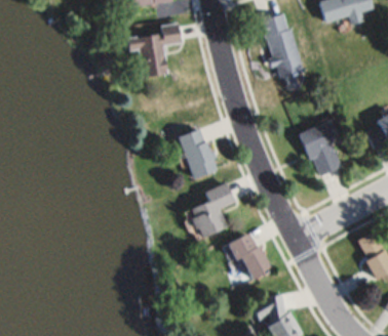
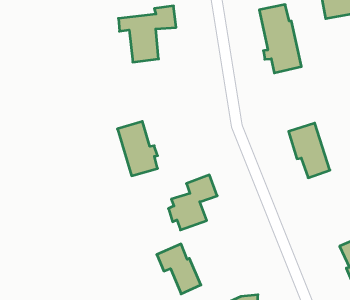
building: [176,127,218,180] -> [117,121,158,176]
building: [226,233,271,281] -> [157,244,201,294]

